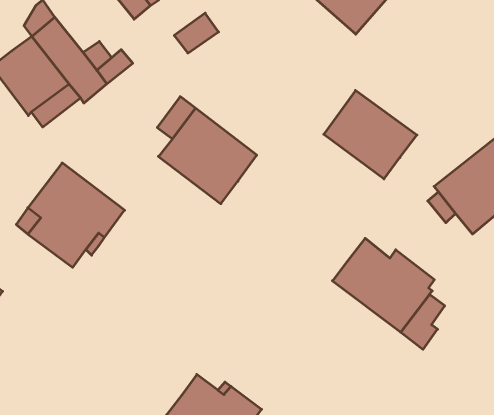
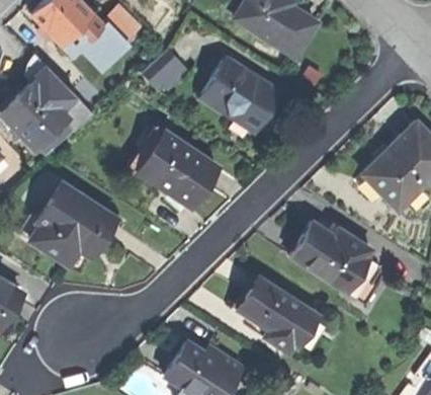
building: [324,90,417,179] -> [201,60,276,129]
building: none -> [239,279,316,354]

